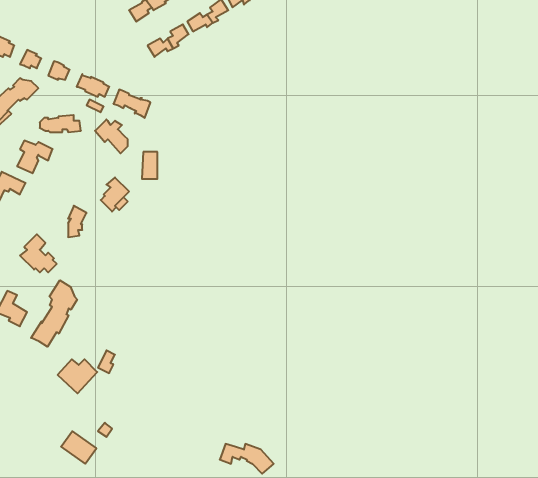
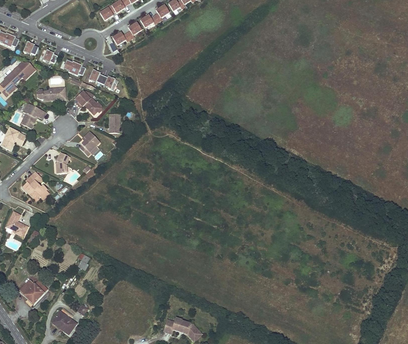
building: [31,280,77,347] -> none
building: [58,359,97,393] -> [19,279,47,303]

